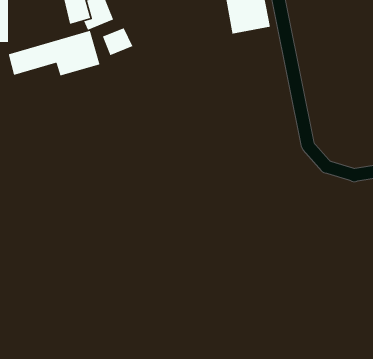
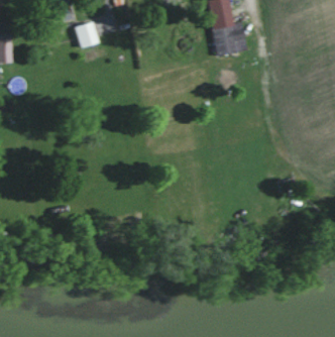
building: [102,27,134,56] -> none
building: [8,30,100,77] -> none

